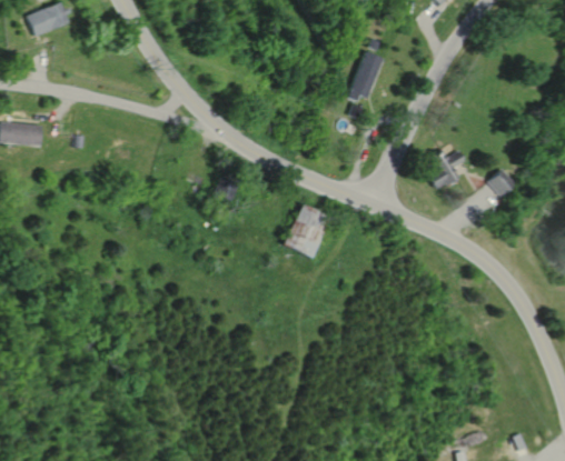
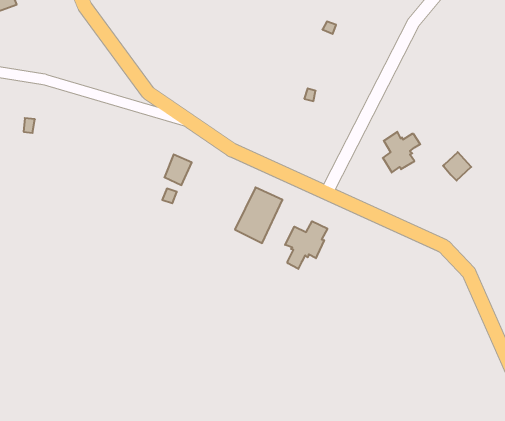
building: [348,52,381,102] -> none
building: none -> [285,221,327,269]

